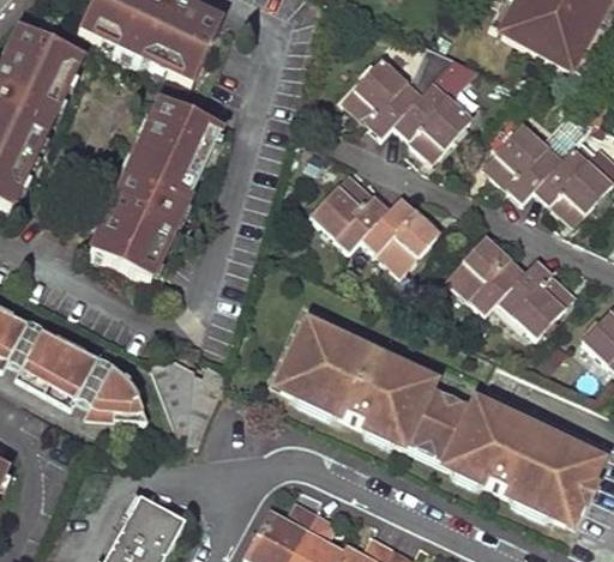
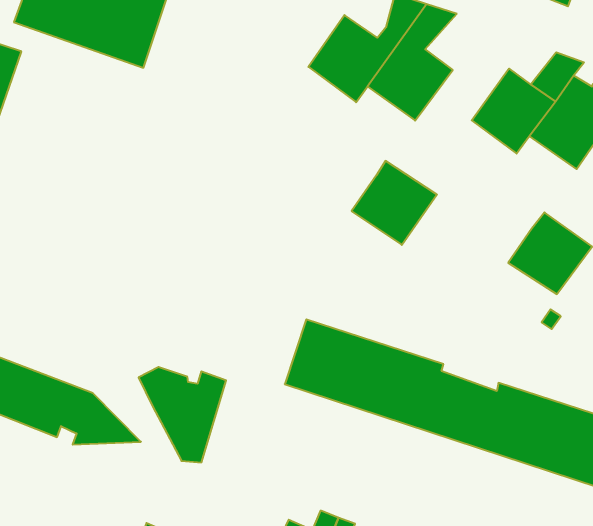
building: [84,101,219,282] -> none
building: [311,175,389,249] -> none
building: [451,238,524,310] -> none

